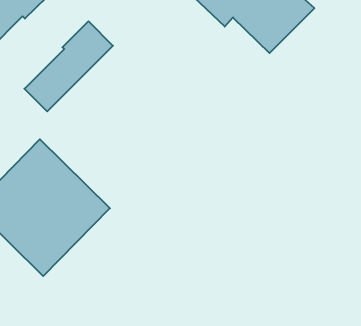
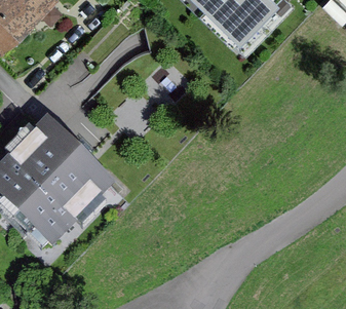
building: [24,21,113,111] -> none

